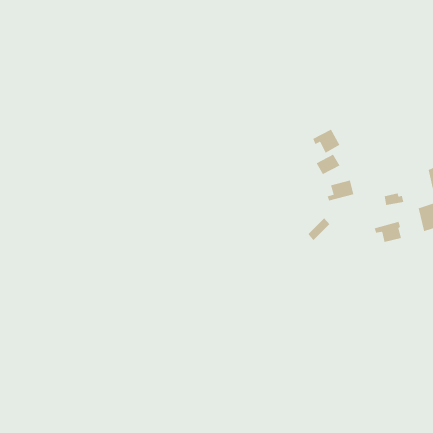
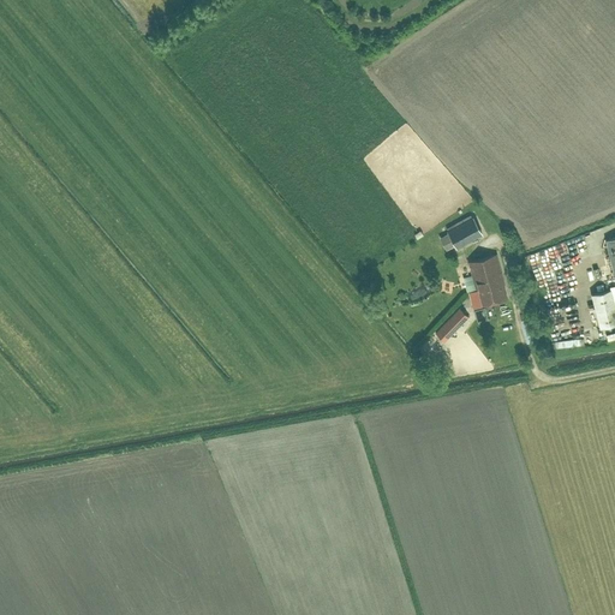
building: [312,129,340,153] -> none
building: [374,221,402,242] -> [466,276,506,306]

